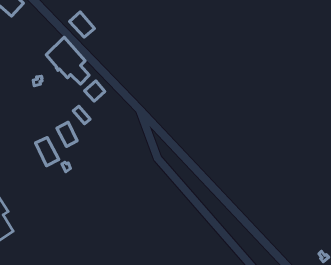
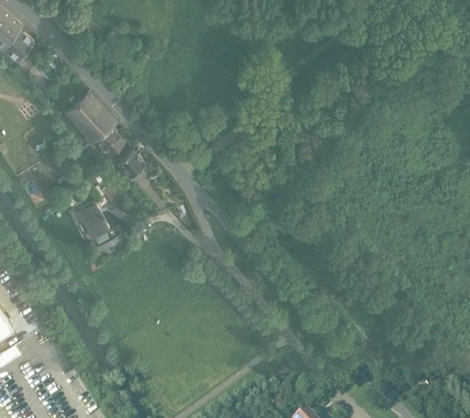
building: [70,12,94,37] -> none
building: [36,138,59,166] -> none

